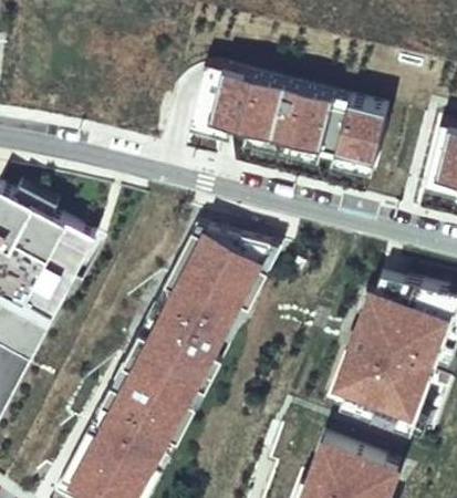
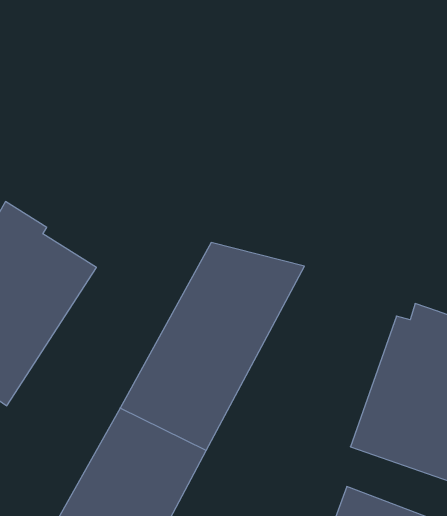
building: [187,61,397,176] -> none

